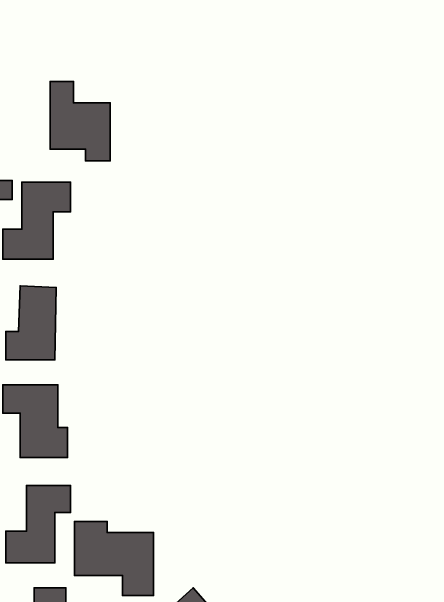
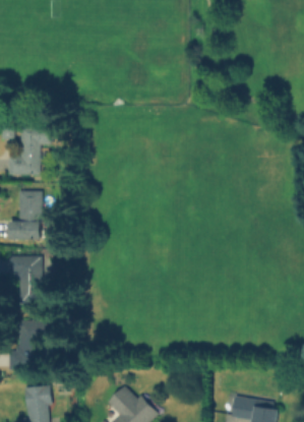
building: [50,82,110,161] -> none
building: [75,522,154,595] -> none

